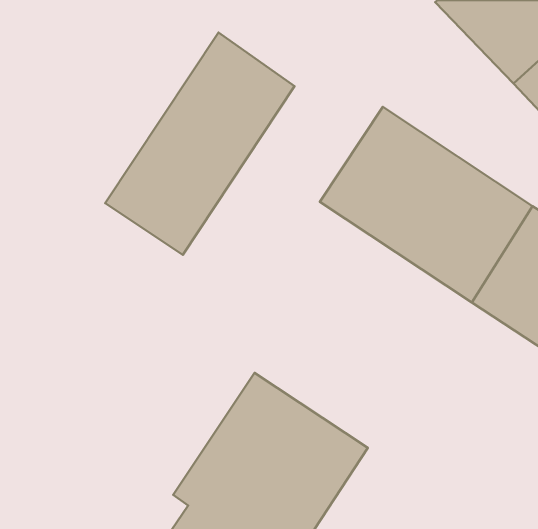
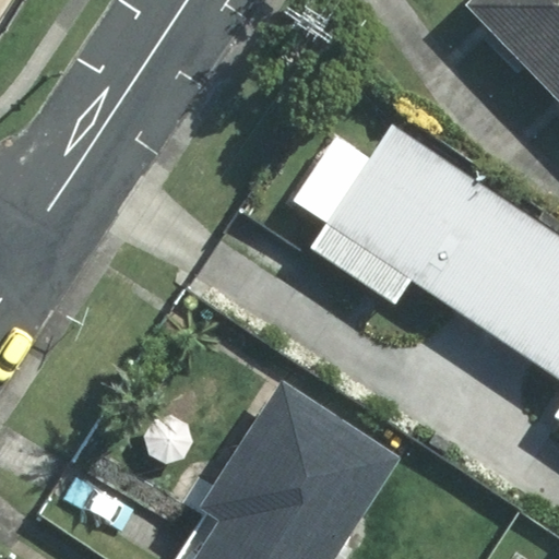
building: [105,32,295,255] -> none

